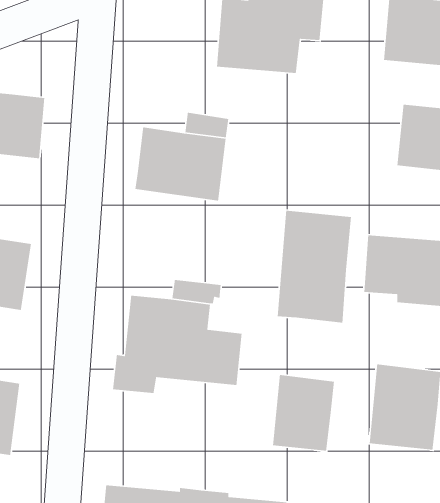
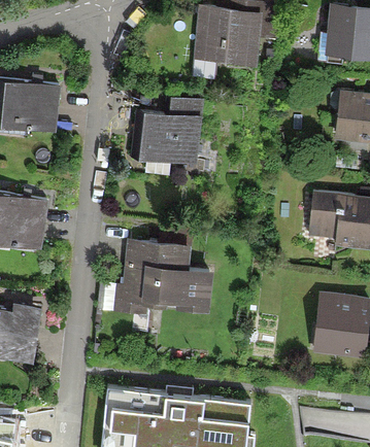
building: [277,210,352,323] -> none
building: [272,374,335,452] -> none

